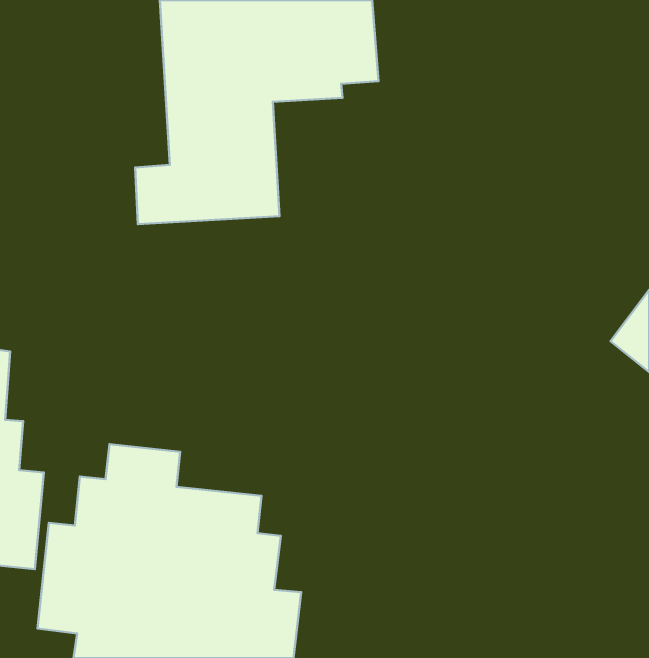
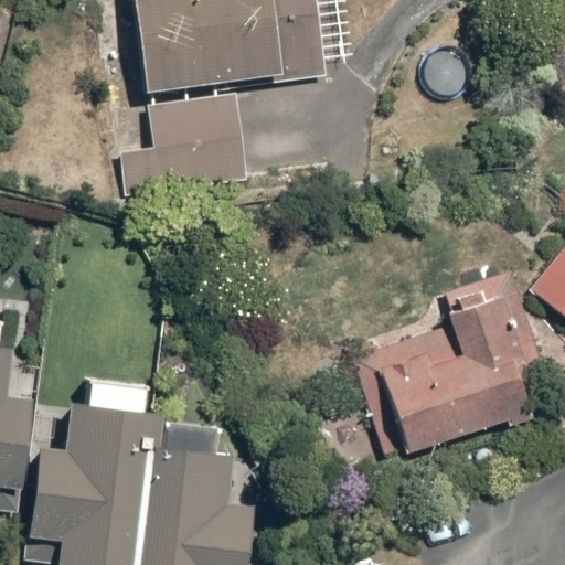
building: none -> [345,256,539,449]

